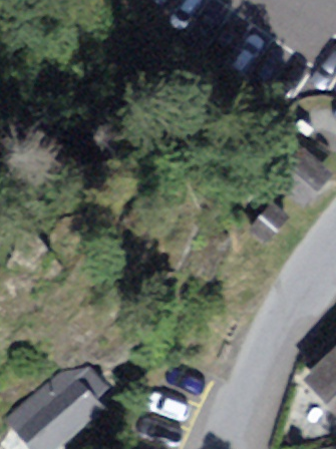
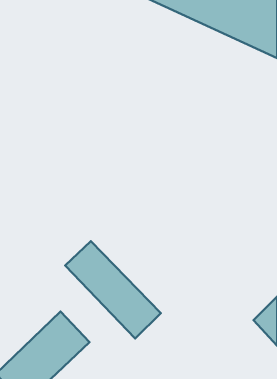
building: none -> [65,241,161,338]

